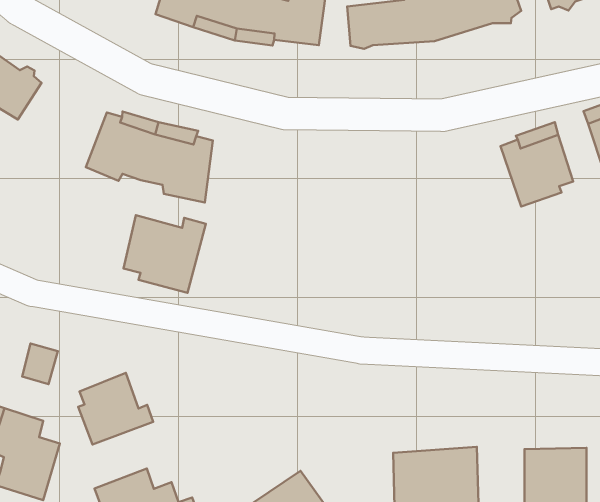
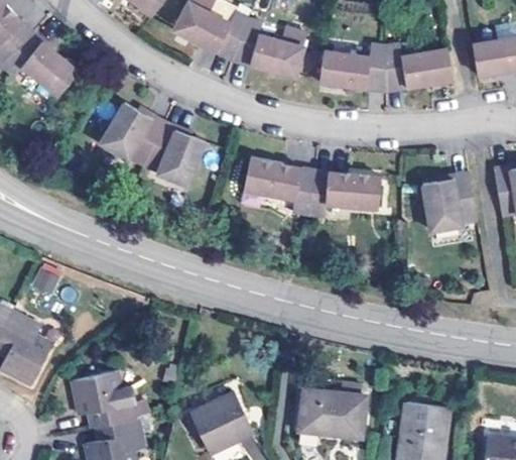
building: none -> [244,153,379,210]
building: [124,215,206,293] -> none
building: [78,373,153,445] -> none

